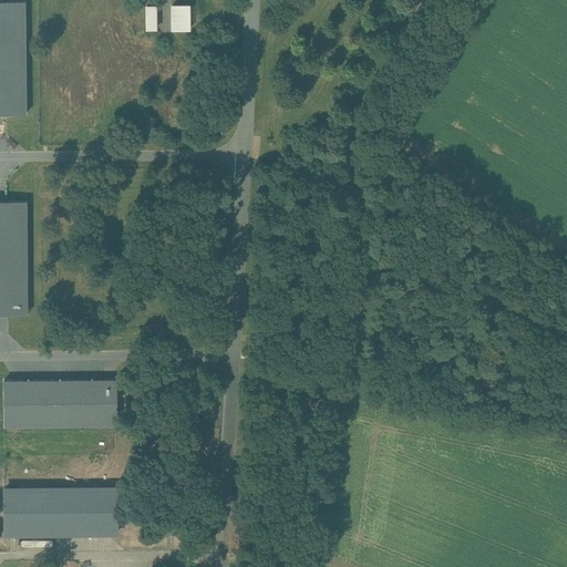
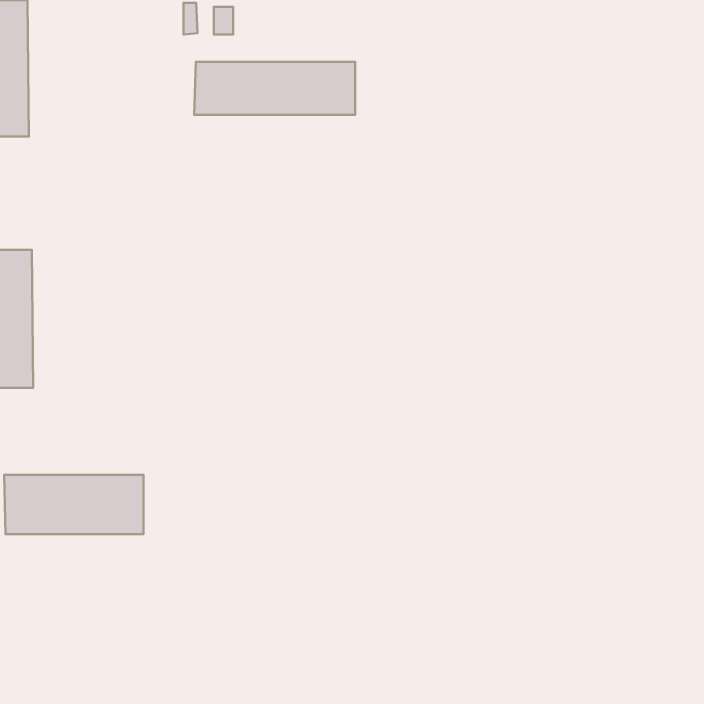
building: none -> [194,62,355,115]
building: [7,489,118,537] -> none

